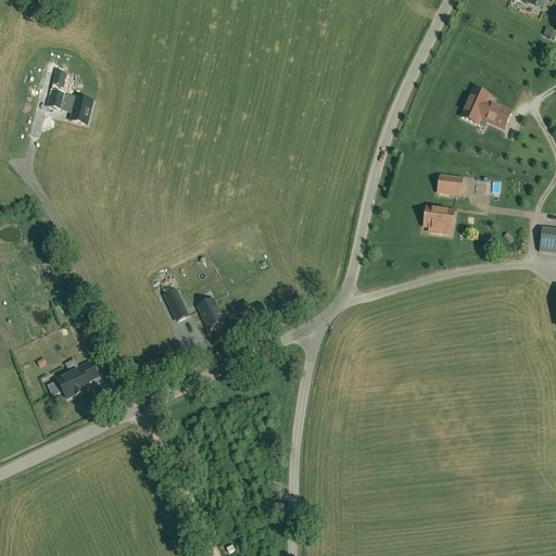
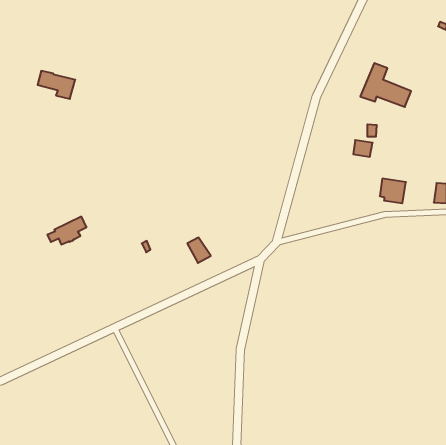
building: [424,204,456,235] -> [380,179,406,203]
building: [195,296,225,328] -> [187,238,211,263]
building: [50,362,99,396] -> [47,217,87,245]

